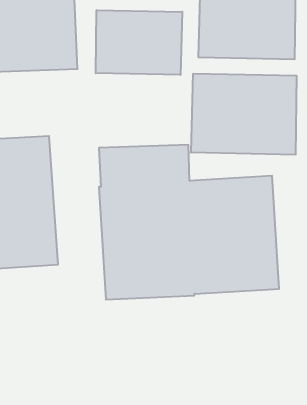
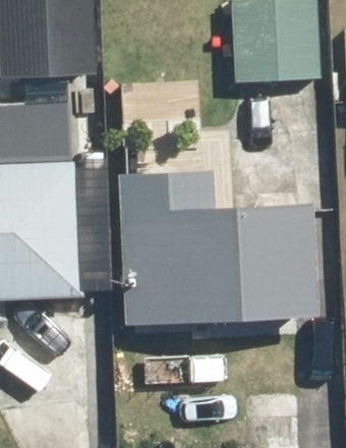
building: [96,10,182,75] -> none
building: [191,74,297,155] -> none

